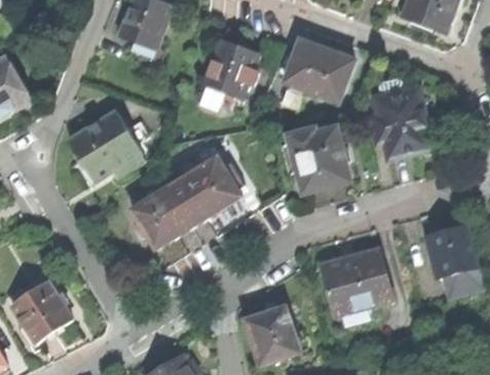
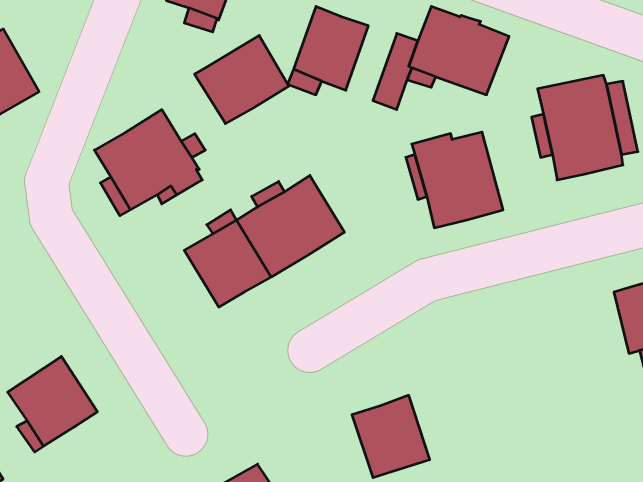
building: none -> [195,35,289,124]
building: [324,248,393,323] -> none

